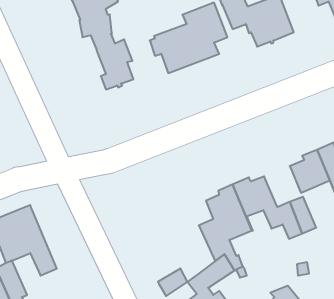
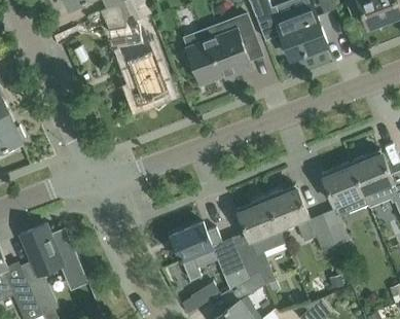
building: none -> [172,223,248,287]

